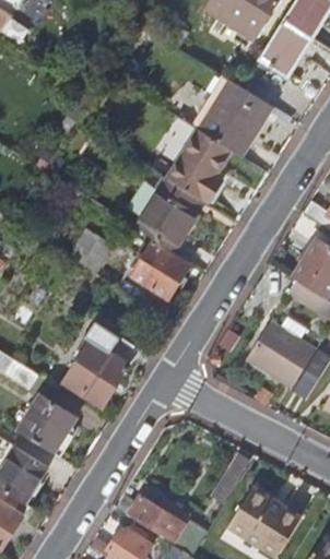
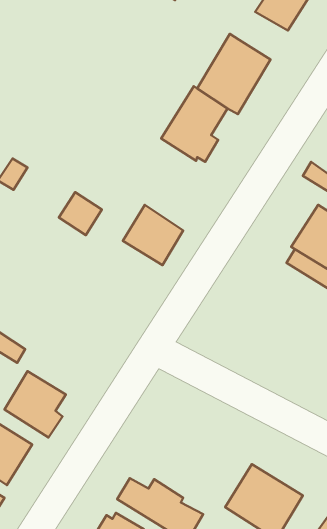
building: [135,178,201,250] -> none
building: [245,318,316,390] -> none
building: [66,326,133,407] -> none

